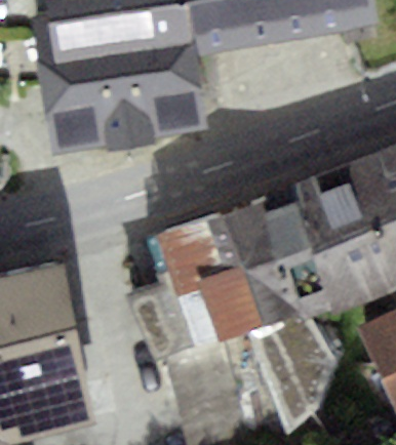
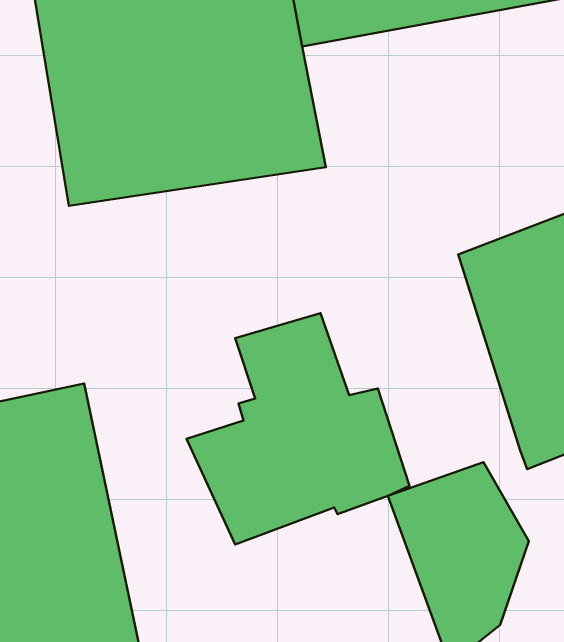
building: [207,186,329,324] -> none

